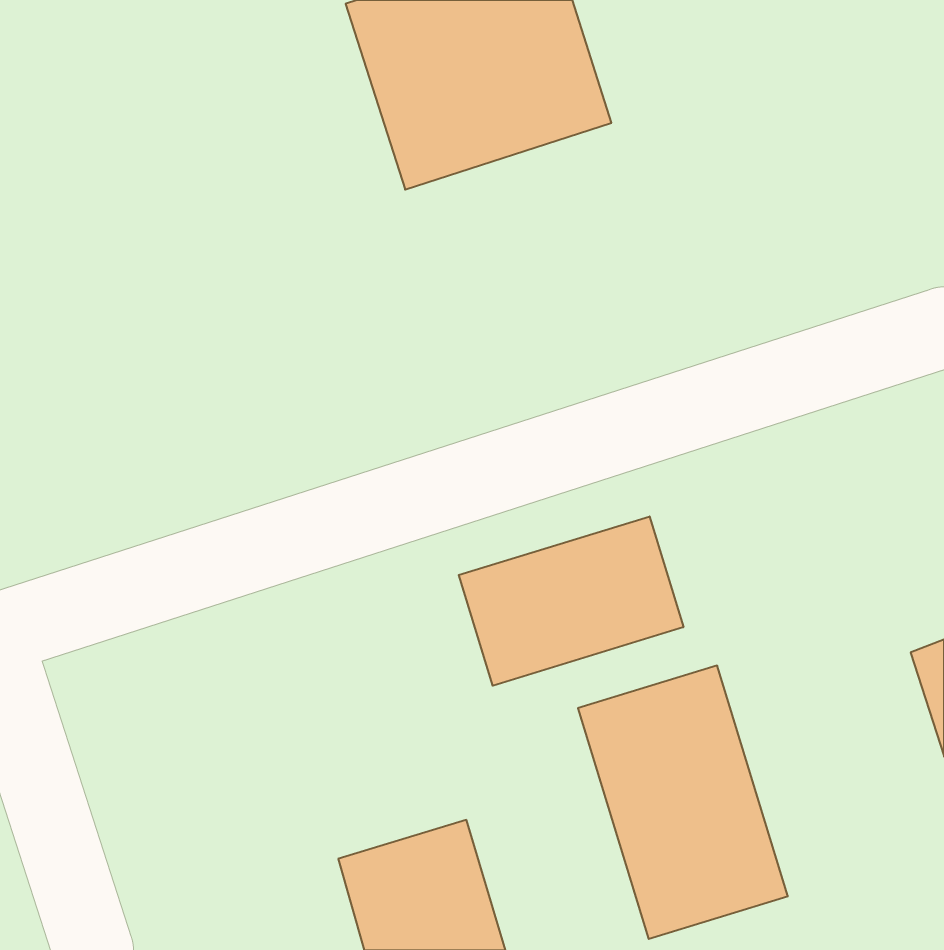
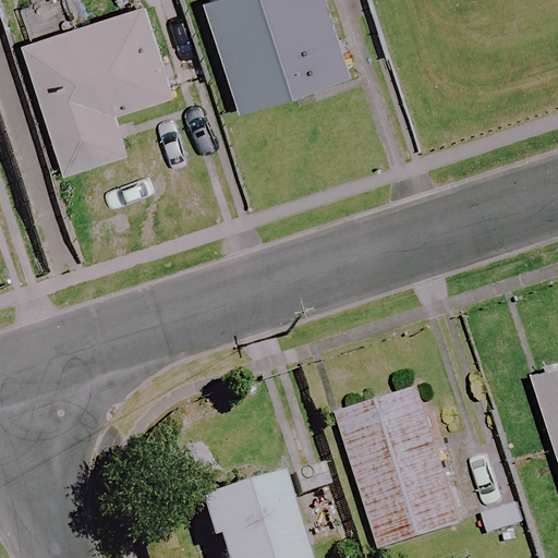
building: none -> [22,7,171,173]
building: [459,516,683,686] -> none

